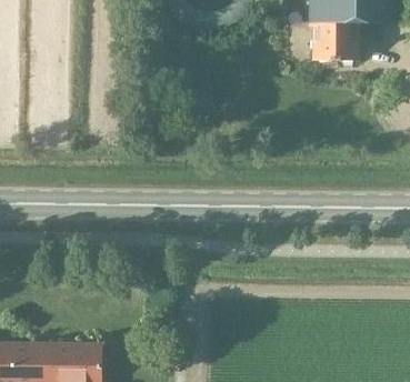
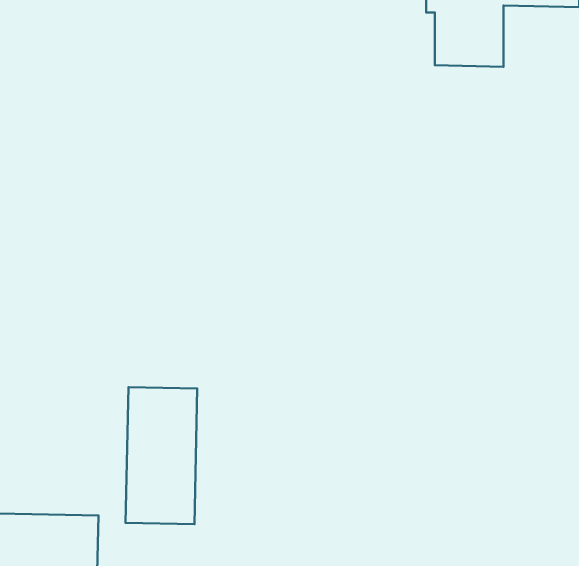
building: none -> [125,387,197,524]

